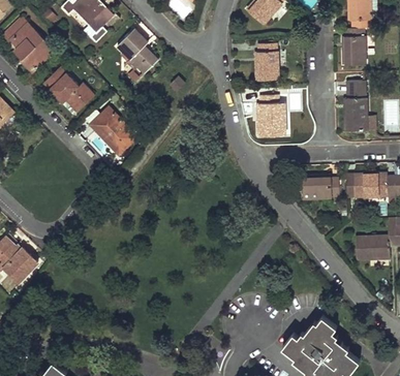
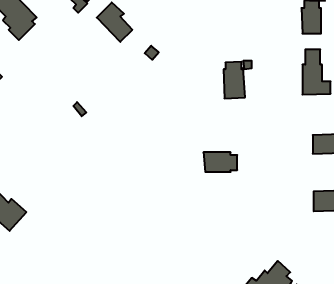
building: [254,44,277,81] -> none
building: [44,65,96,111] -> none
building: [92,105,137,152] -> none
building: [301,176,338,197] -> [203,152,237,172]

